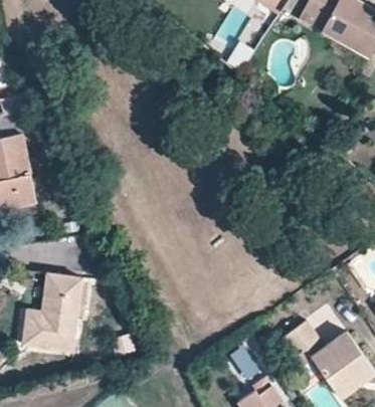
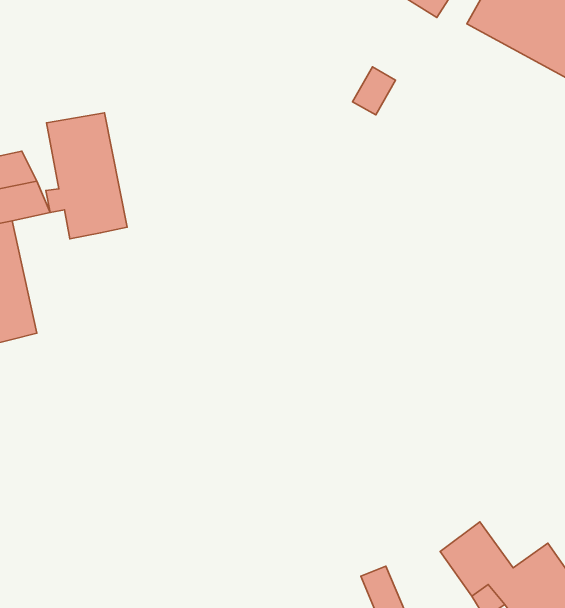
building: none -> [46,113,127,239]
building: [25,276,84,354] -> none

